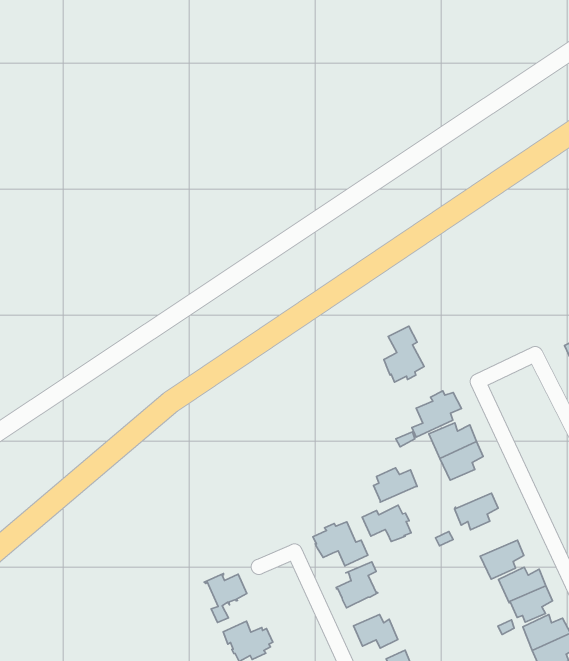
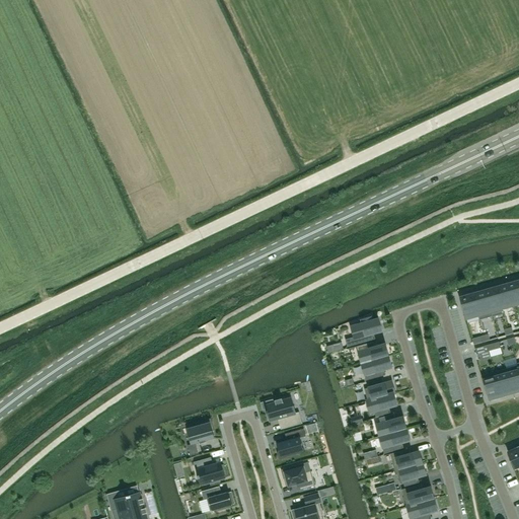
building: [384,326,424,382] -> none
building: [373,468,417,502] -> [365,378,395,400]
building: [362,505,411,541] -> none
building: none -> [377,414,407,436]

